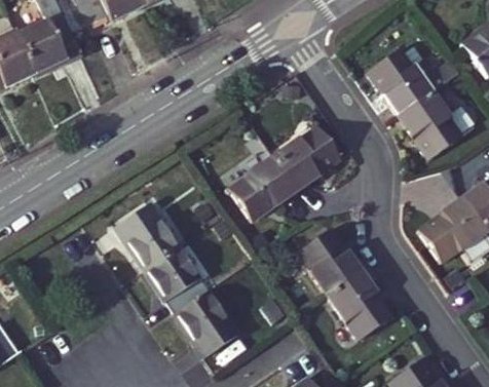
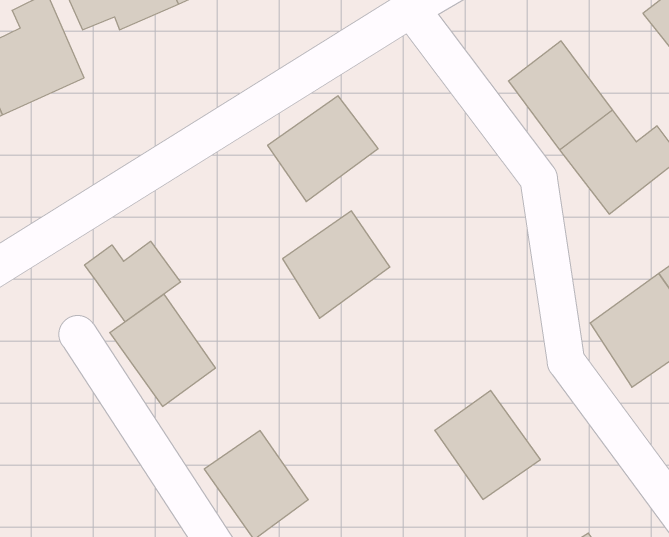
building: [267,119,338,187] -> [268,96,378,202]
building: none -> [85,241,181,322]
building: [289,223,356,292] -> none
building: [146,251,209,316] -> none

